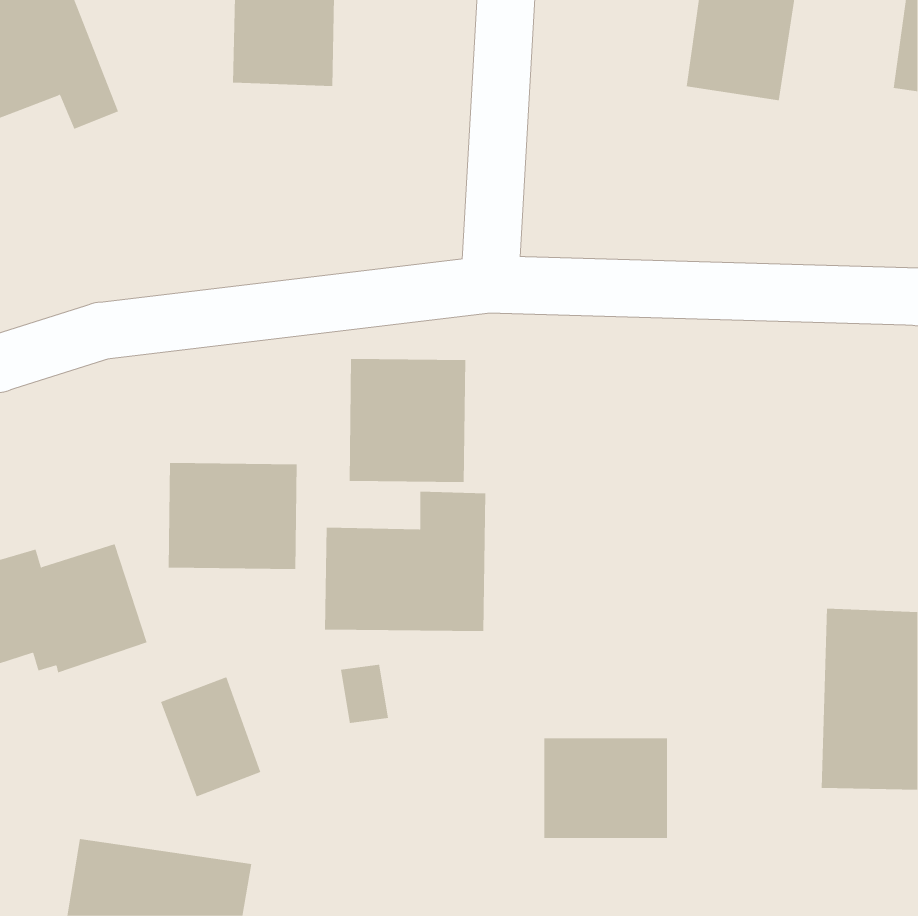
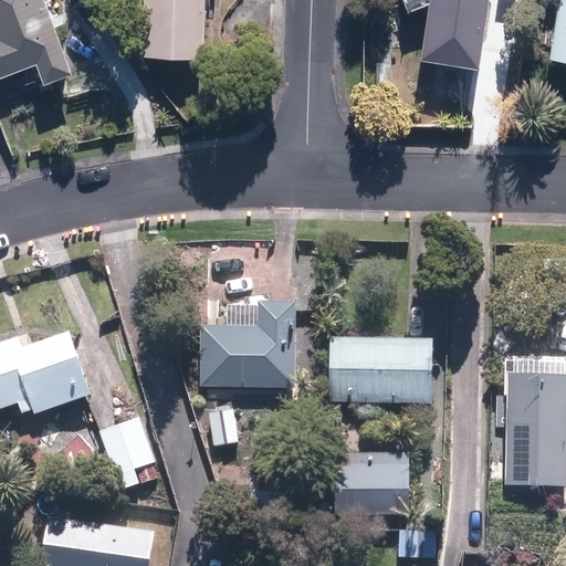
building: [349,358,466,483] -> none
building: [168,462,297,570] -> none
building: none -> [328,336,432,402]

